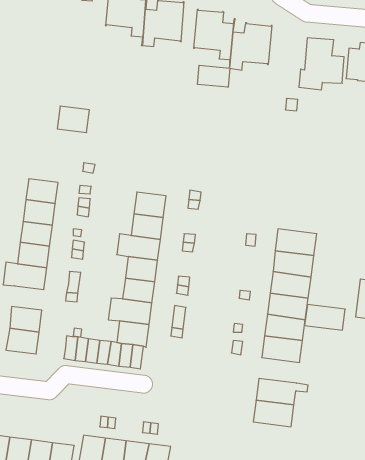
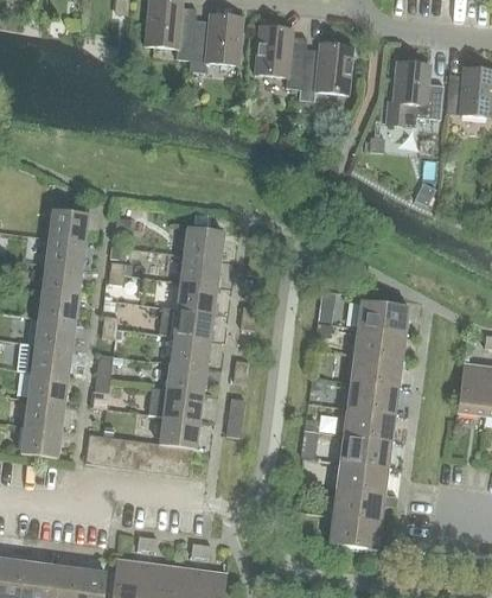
building: [197,65,230,87] -> none
building: [57,106,89,133] -> [49,209,89,242]
building: none -> [184,227,224,259]
building: none -> [27,371,68,402]
building: [305,305,345,330] -> [337,462,388,494]

